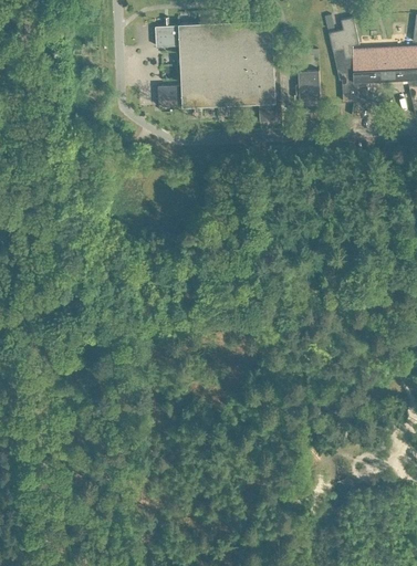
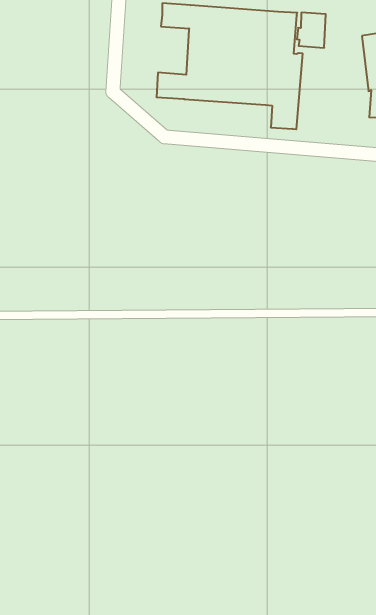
building: [295,71,320,101] -> [297,13,326,48]

